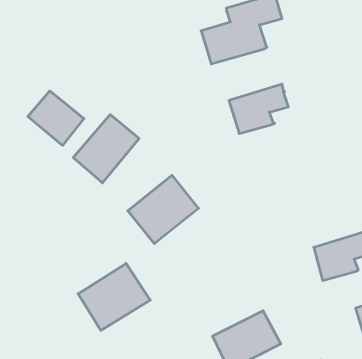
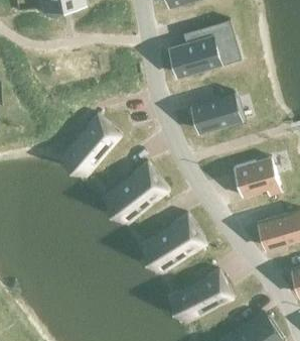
building: [28,91,84,145] -> none
building: none -> [233,156,282,198]
building: [78,263,150,330] -> [148,217,205,270]

